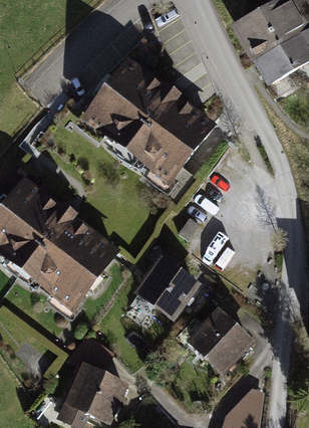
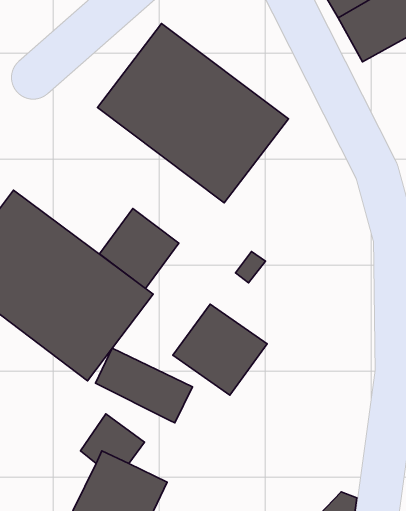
building: none -> [100,209,179,288]
building: none -> [96,348,193,423]
building: [187,307,254,375] -> none

